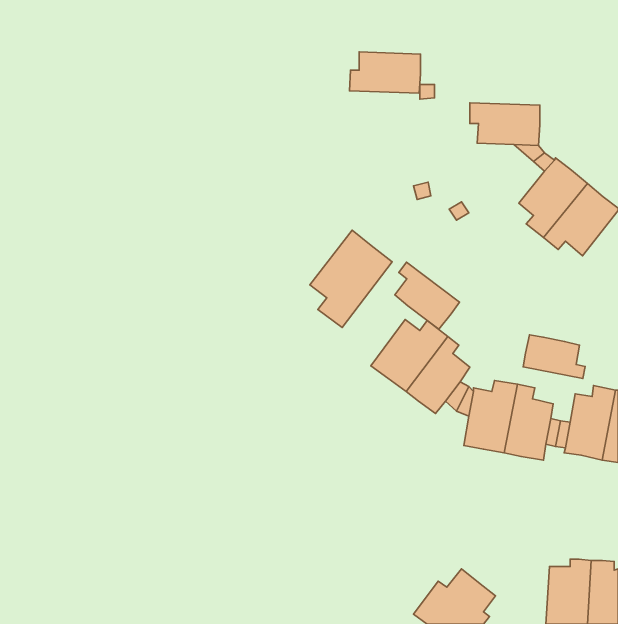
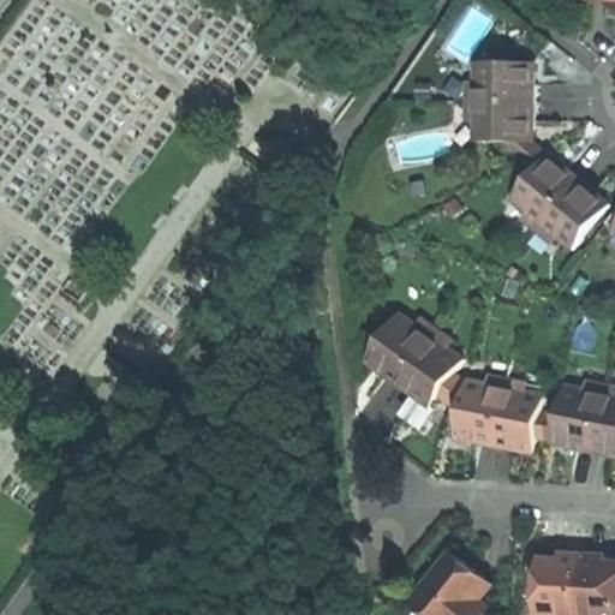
building: [349,52,420,93] -> [461,62,531,103]
building: [310,230,392,328] -> none
building: [395,262,459,329] -> none
building: [523,335,585,379] -> none

